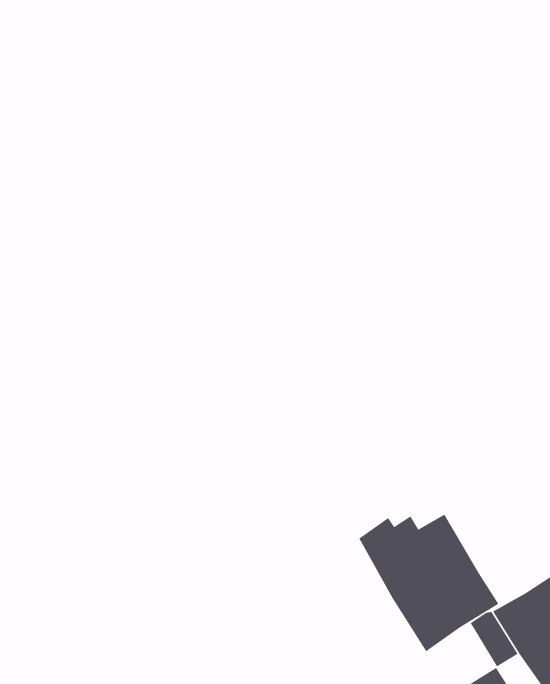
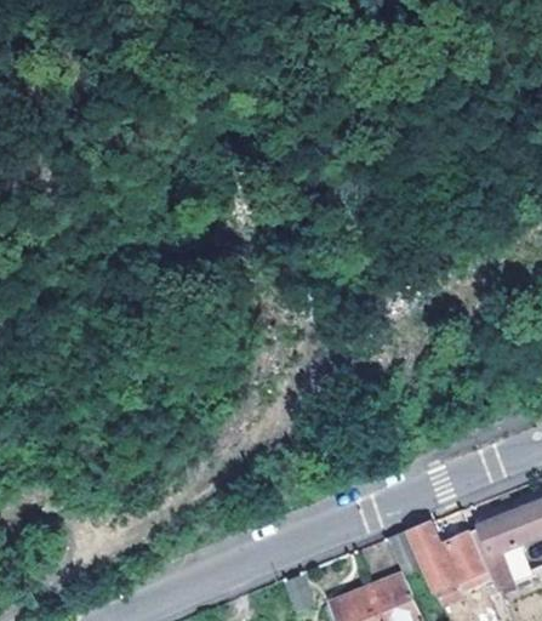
building: [358,514,499,652] -> none

